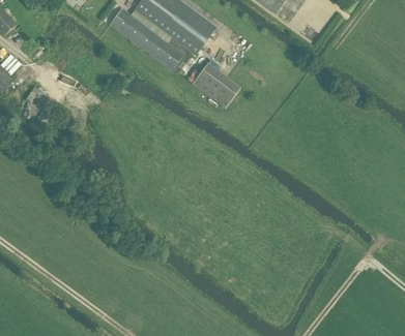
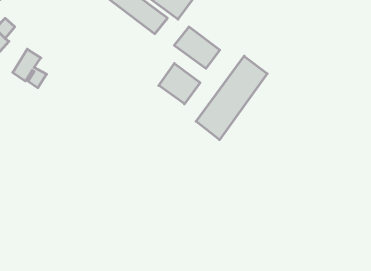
building: none -> [196,56,267,140]
building: none -> [159,63,200,104]

